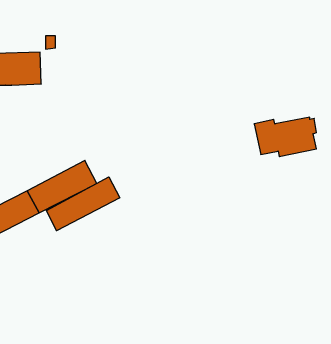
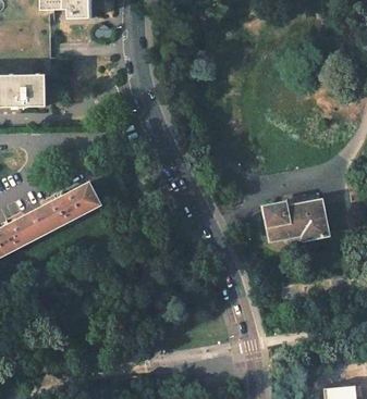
building: [254,117,316,157] -> [264,203,326,242]
building: [46,177,120,231] -> none

